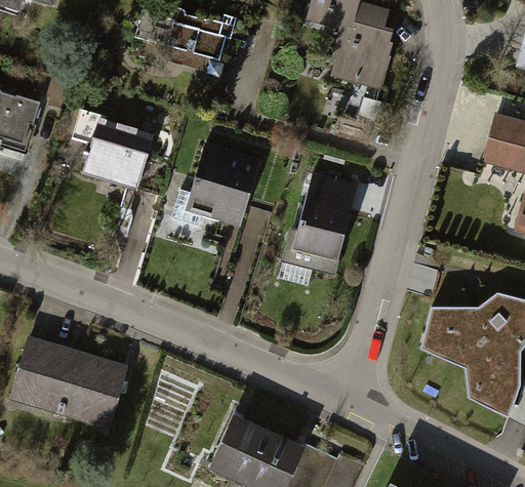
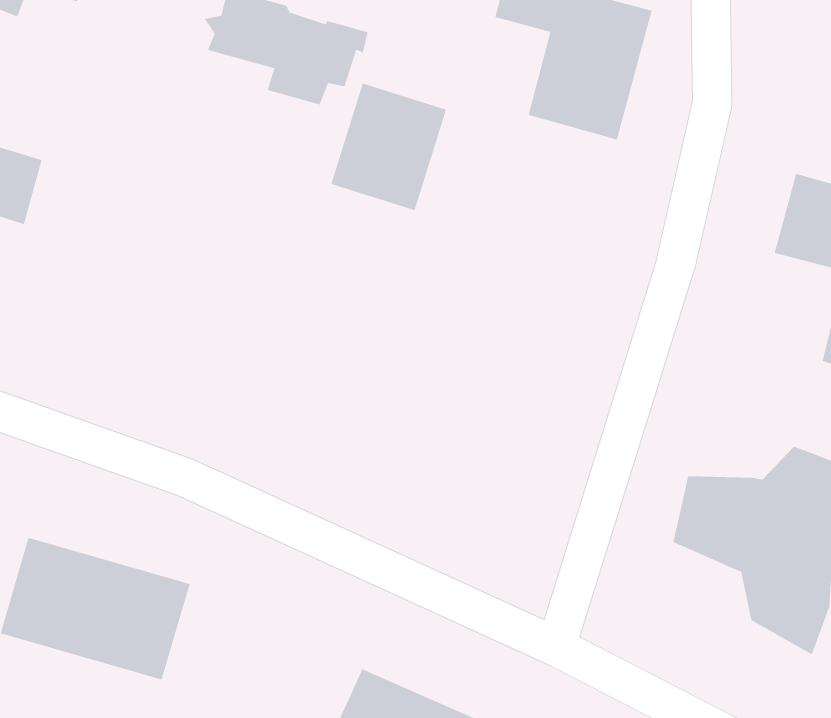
building: [77,116,152,187] -> none
building: [186,151,257,230] -> [331,83,447,211]
building: [289,177,359,273] -> none

